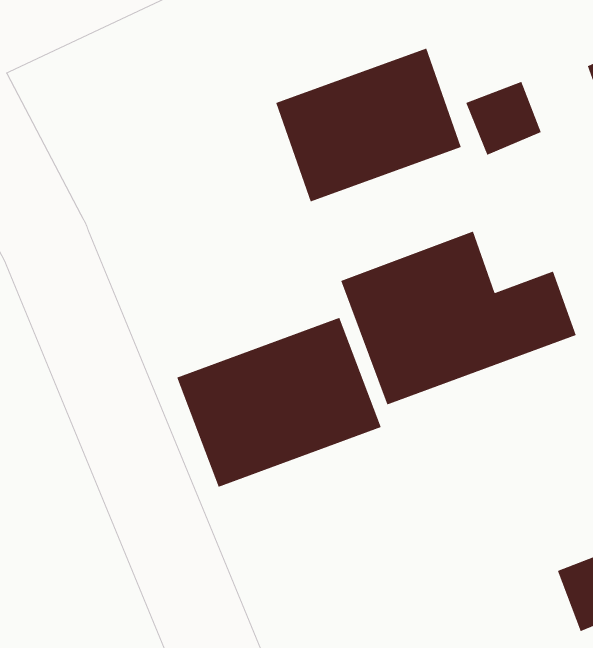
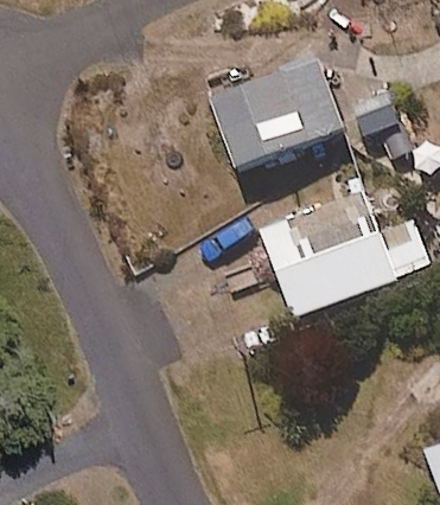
building: [176,317,382,488] -> none

